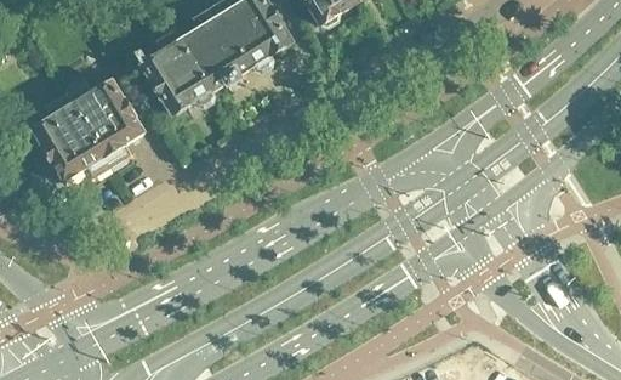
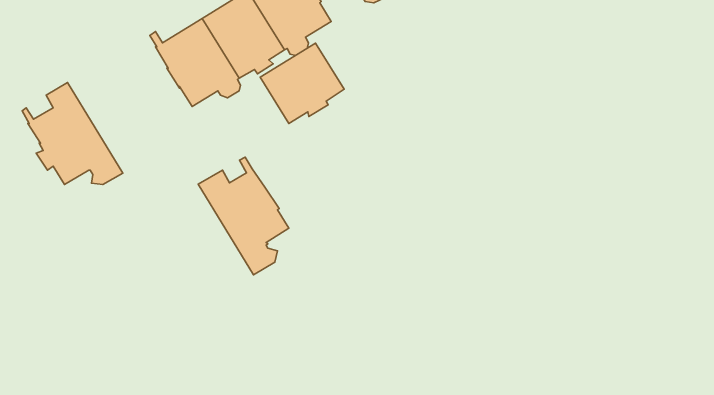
building: none -> [260,43,344,123]
building: [65,68,143,169] -> [198,157,289,275]

